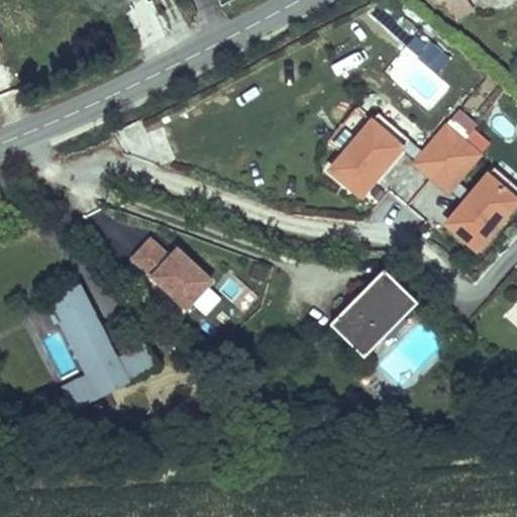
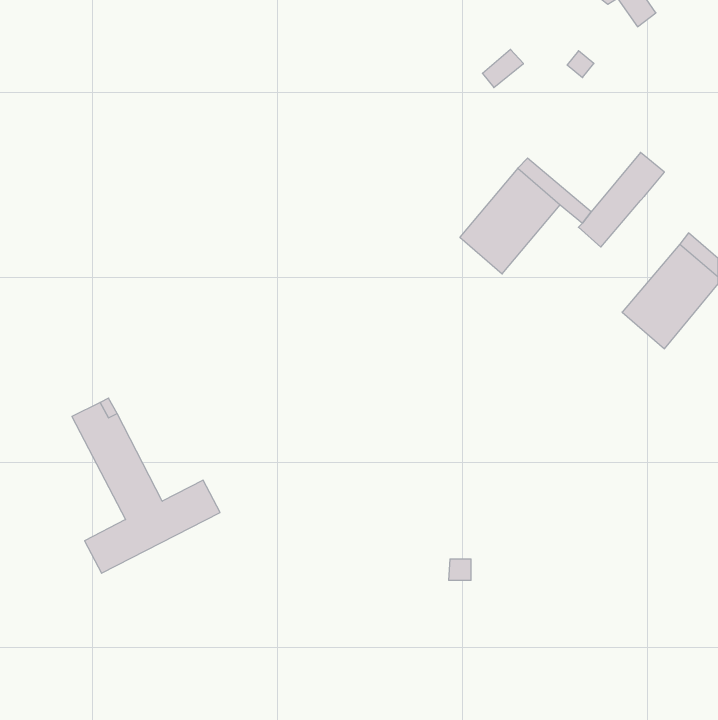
building: [430,140,479,191] -> none
building: [132,239,211,308] -> none
building: [330,270,416,356] -> none

